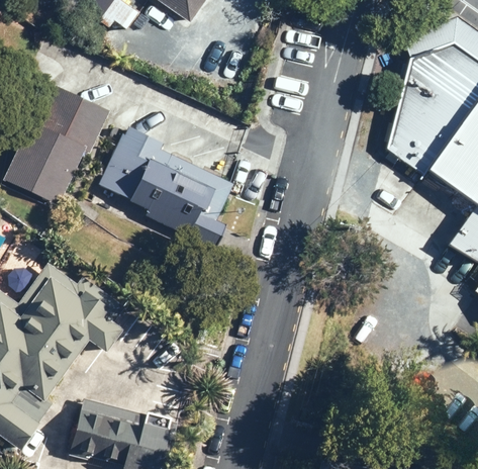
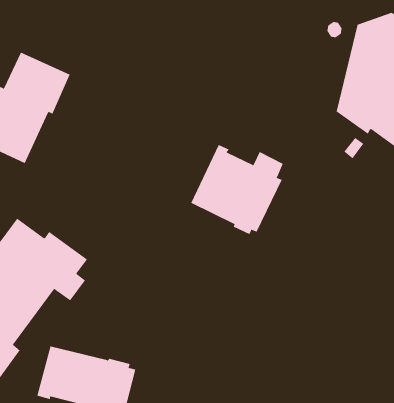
building: [99,123,232,249] -> none
building: none -> [191,144,283,235]

